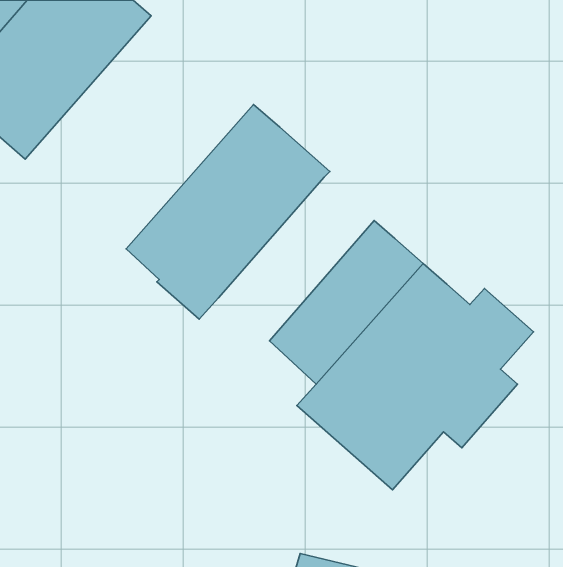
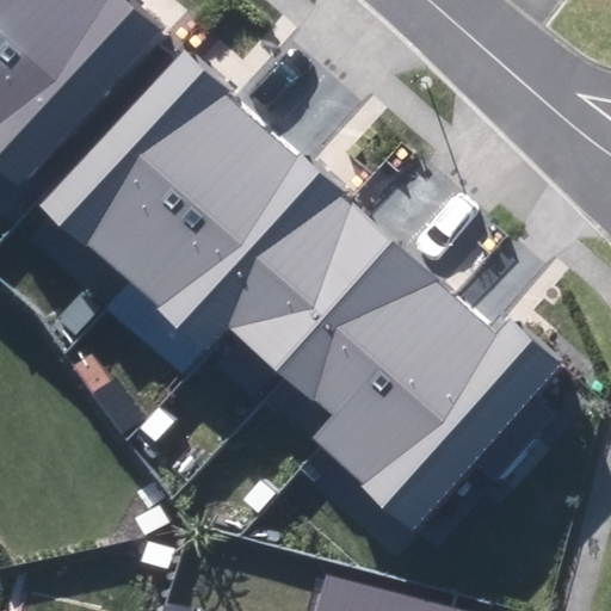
building: none -> [48,54,266,276]
building: none -> [229,200,393,372]

